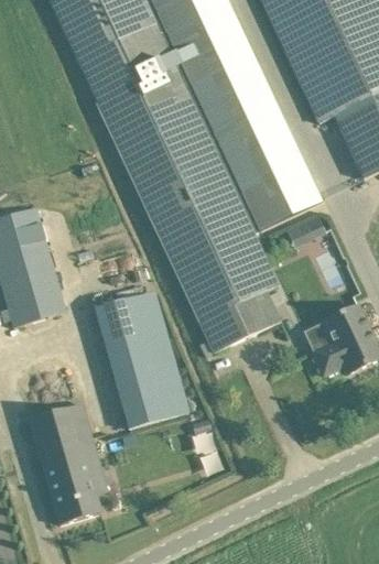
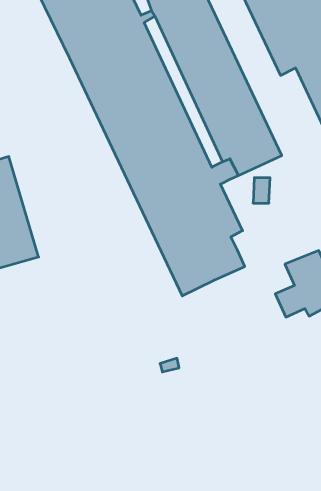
building: [94,289,188,427] -> none
building: [30,402,101,523] -> none

